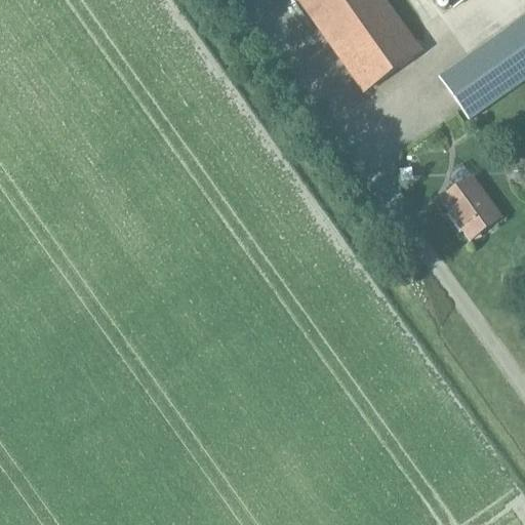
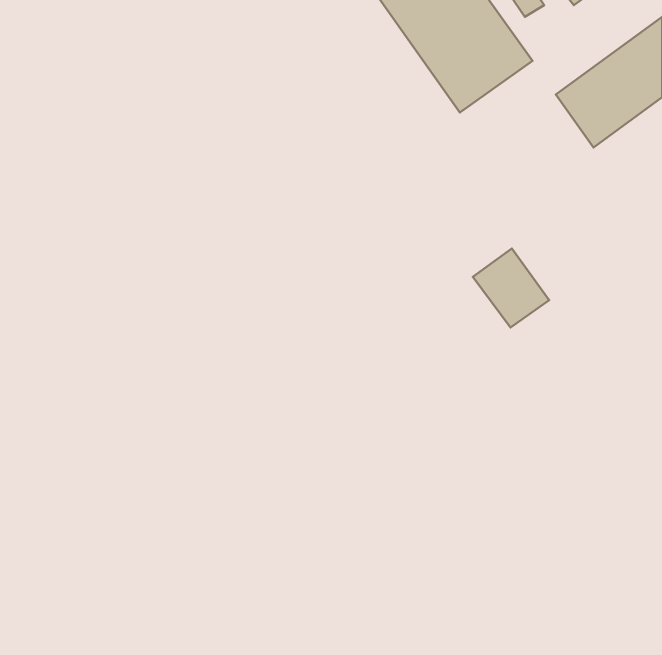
building: [441,174,501,237] -> [473,249,549,327]

